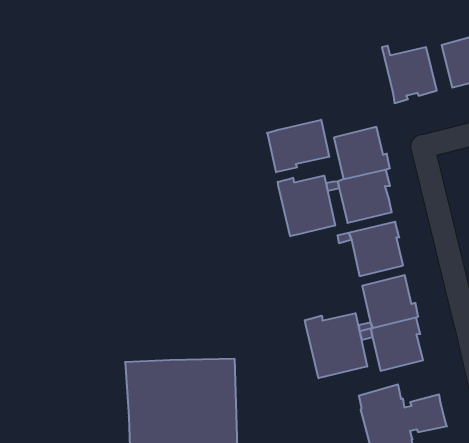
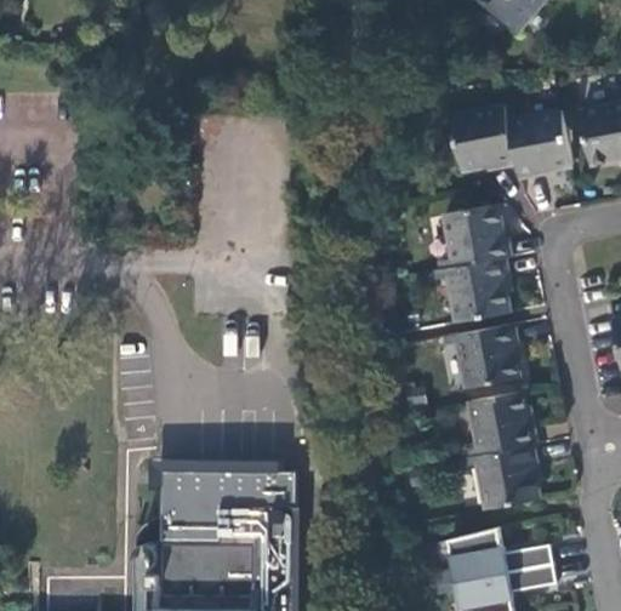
building: none -> [452,104,518,170]
building: [267,120,329,172] -> none
building: [278,176,335,236] -> none
building: [305,313,367,378] -> none

